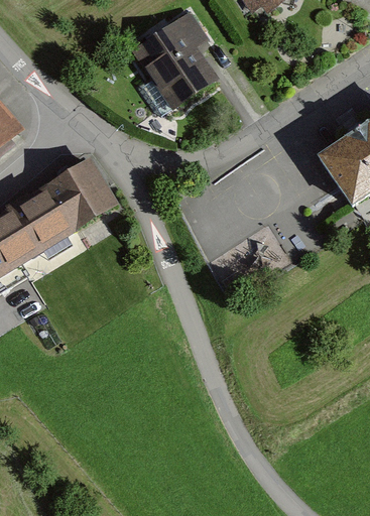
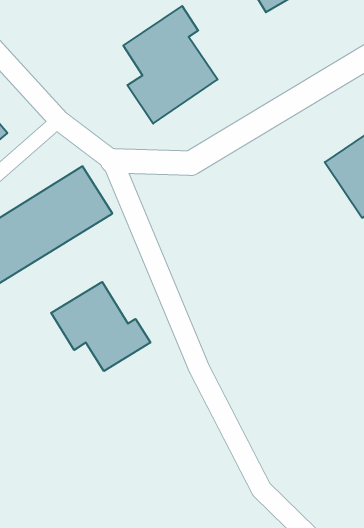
building: none -> [51,282,150,371]

